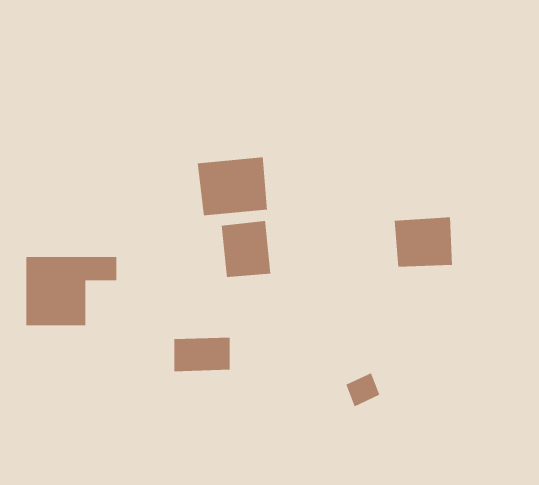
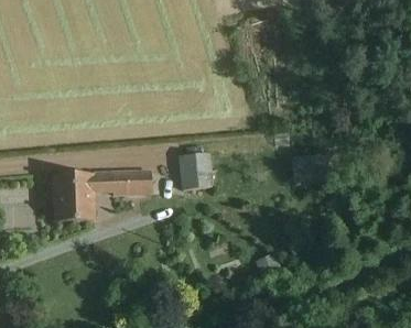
building: [197,156,267,216] -> none
building: [173,337,231,372] -> [111,173,148,195]

